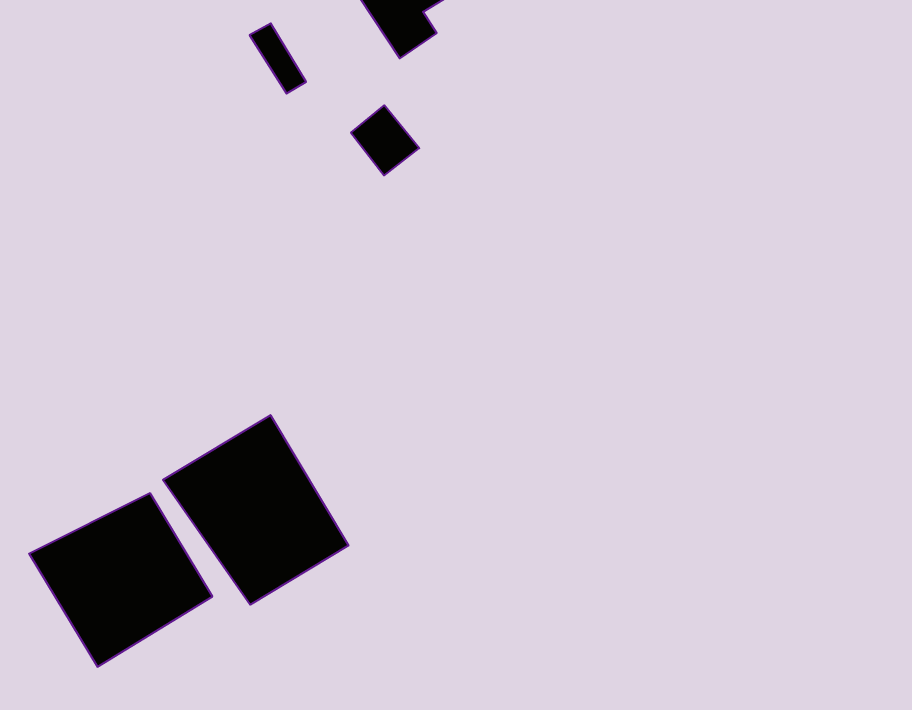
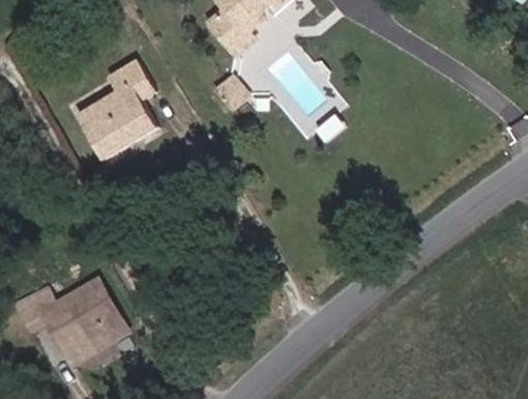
building: none -> [76,60,155,162]
building: [163,415,348,605] -> none

